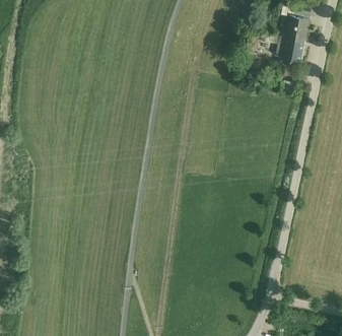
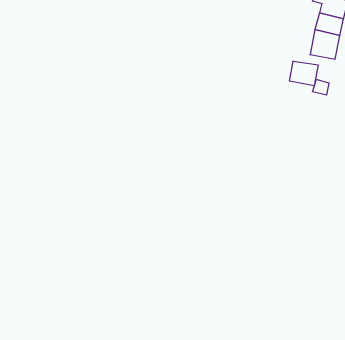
building: none -> [289,61,318,86]

